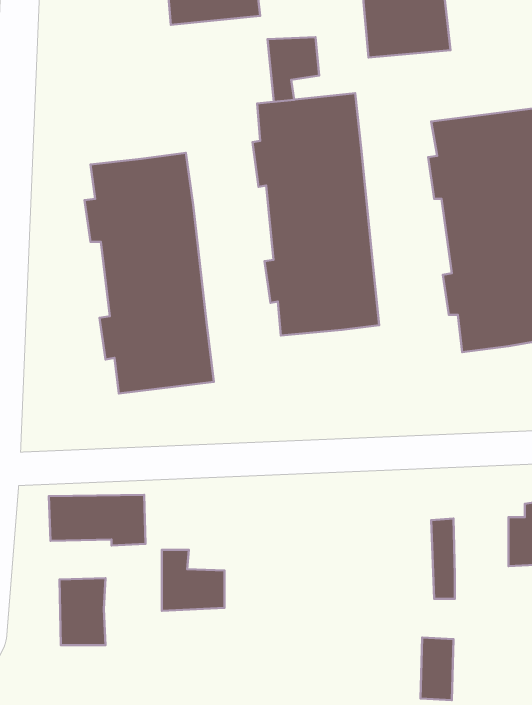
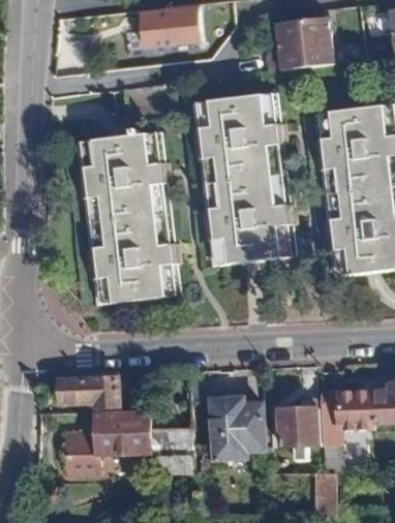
building: [268,37,319,102] -> none
building: none -> [337,389,375,429]
building: none -> [208,394,266,461]
building: none -> [276,405,318,462]
building: none -> [94,410,134,454]

